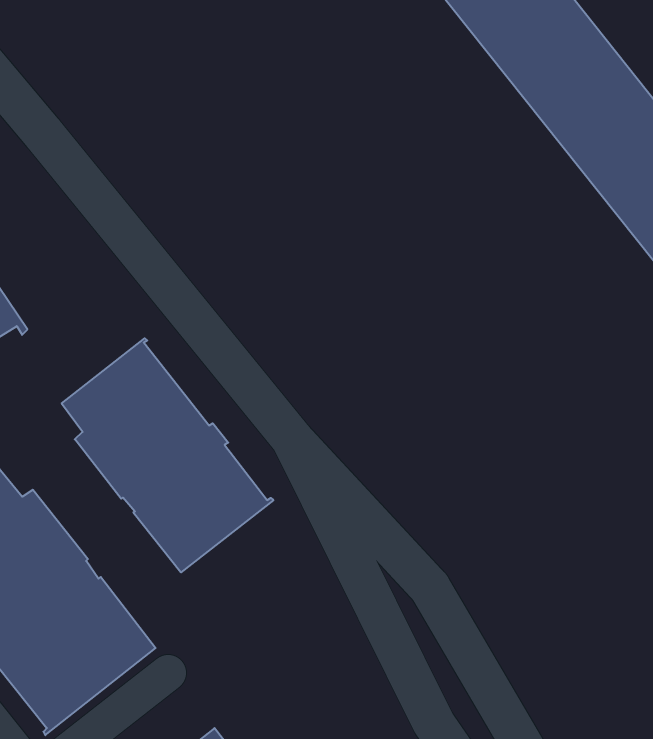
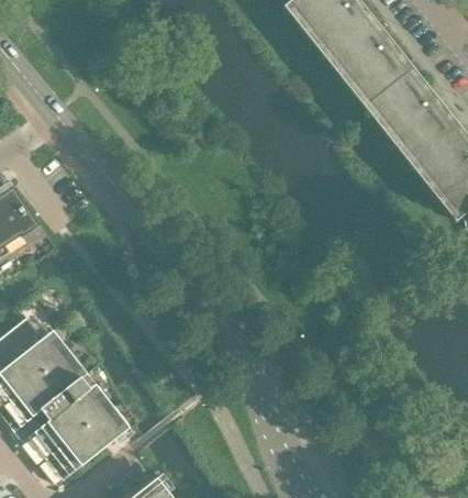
building: [62,338,273,572] -> none

